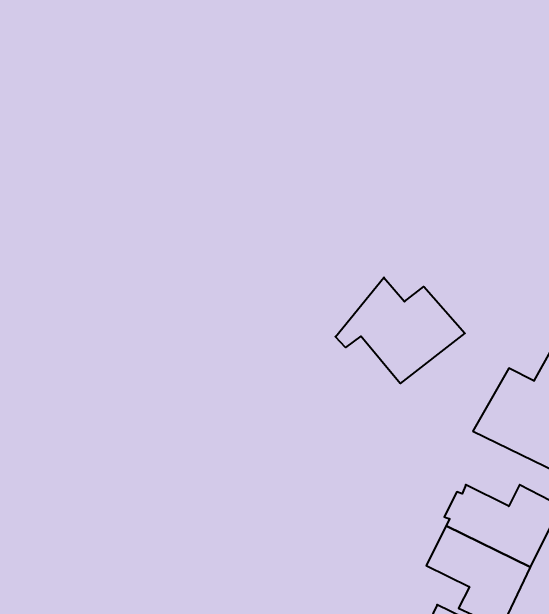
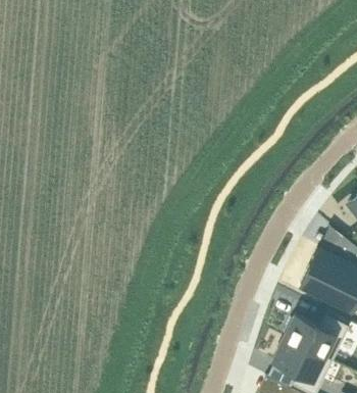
building: [335,277,465,383] -> none

